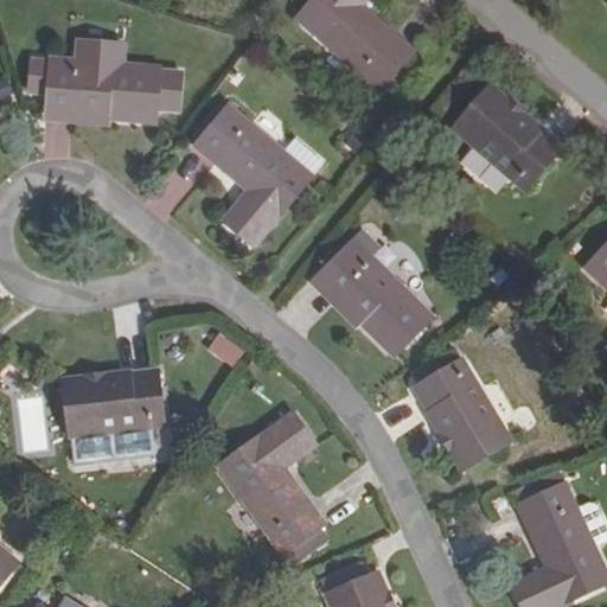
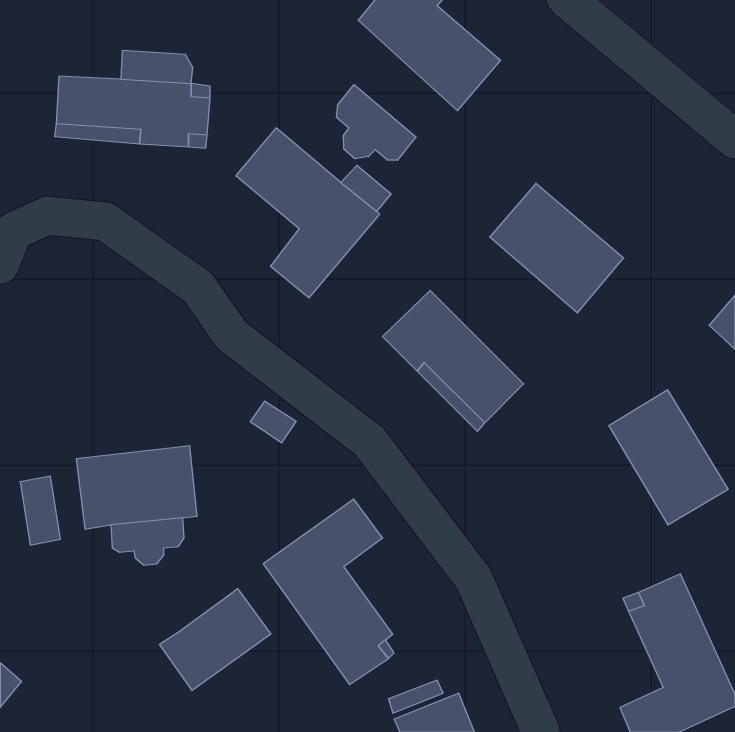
building: none -> [337,85,416,160]
building: [452,84,562,191] -> [490,183,624,313]
building: [413,359,511,471] -> [609,390,728,525]
building: none -> [160,589,271,690]

